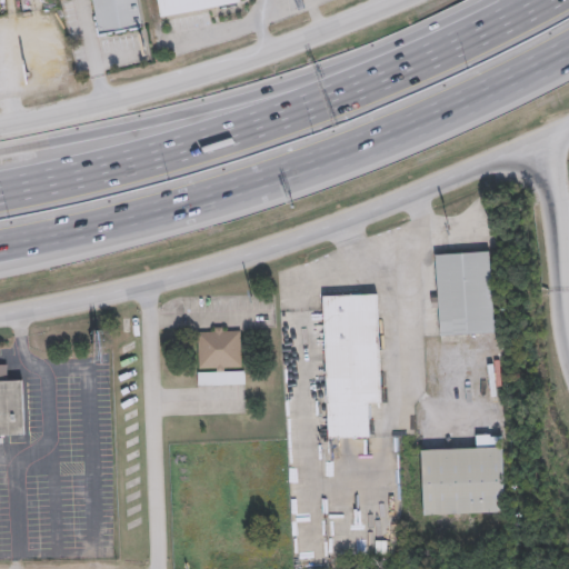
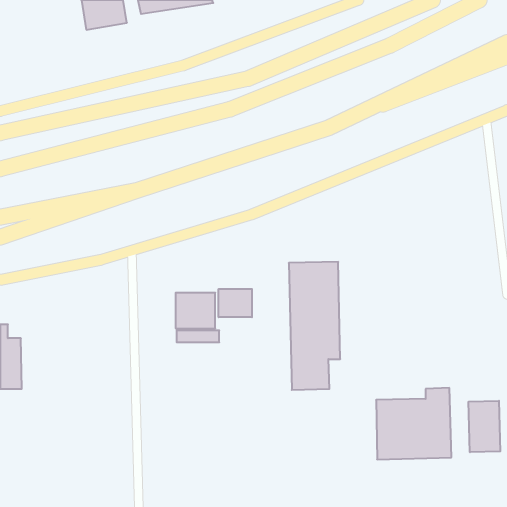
building: [435,251,497,335] -> none
building: none -> [219,289,252,317]
building: none -> [469,401,500,452]

